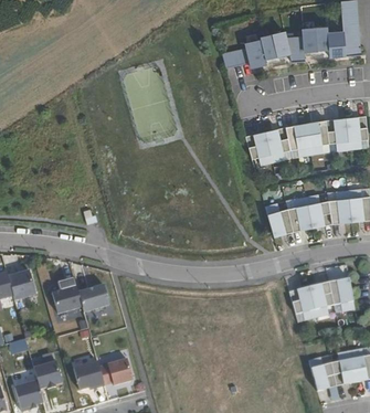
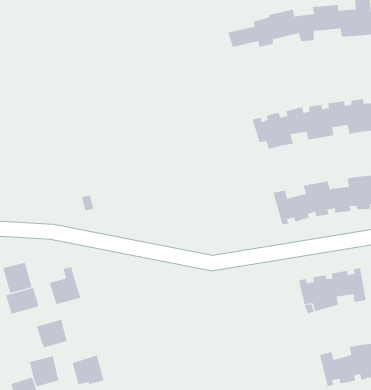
building: [77,285,107,313] -> [36,319,68,348]
building: none -> [5,287,39,314]
building: [98,358,133,384] -> none

